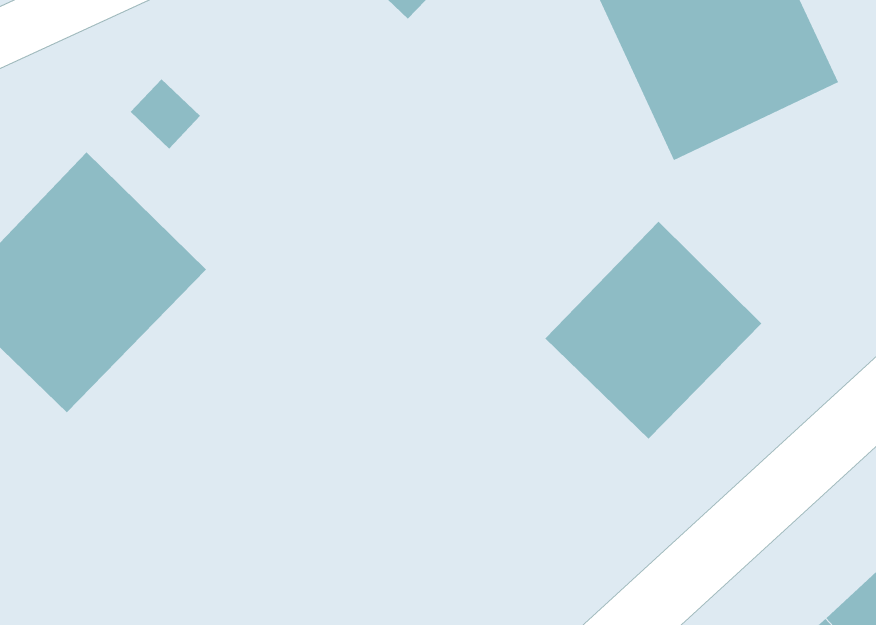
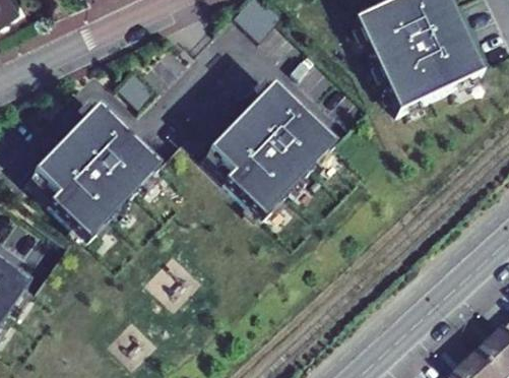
building: none -> [210,82,337,216]
building: [545,221,762,440] -> none

